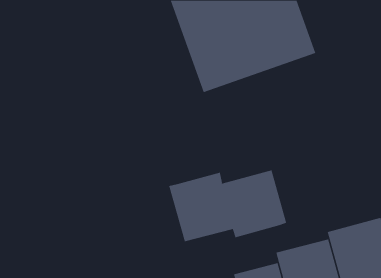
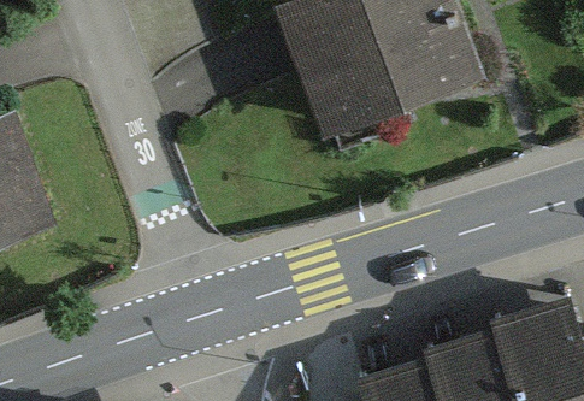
building: [169,169,287,242] -> none

